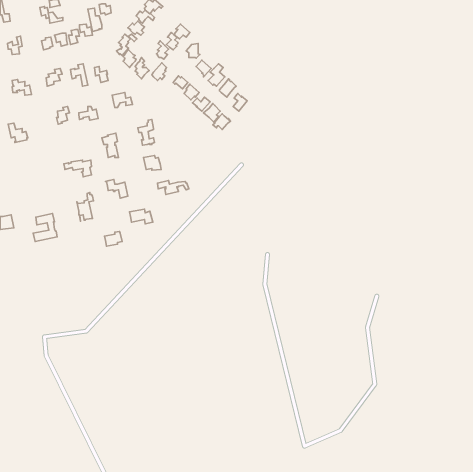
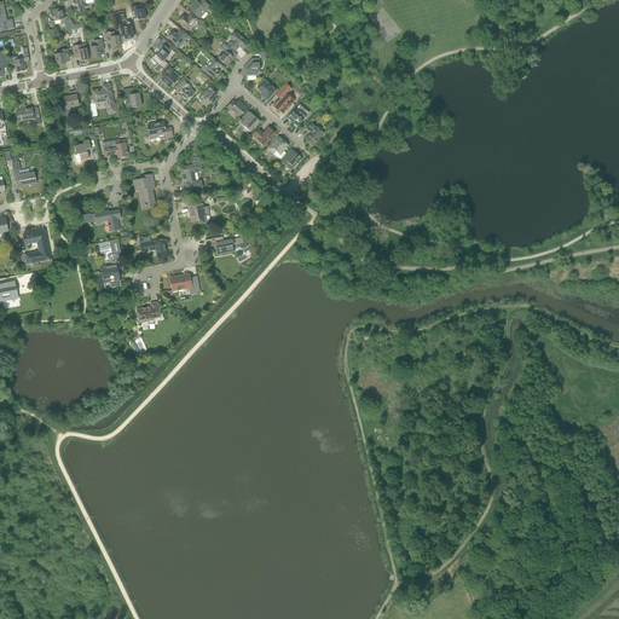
building: [33,214,57,241] -> [19,228,51,265]

